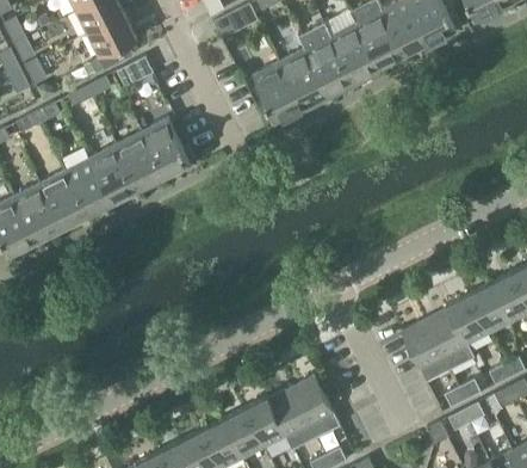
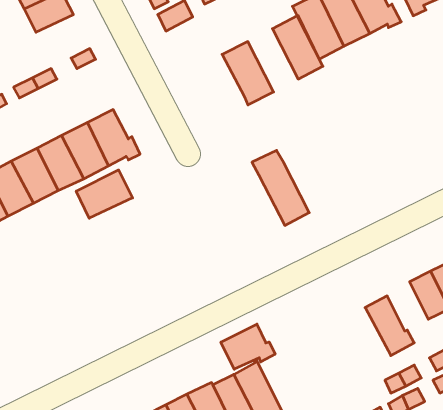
building: [89,21,136,69] -> none
building: [298,24,356,100] -> [252,150,309,225]
building: [253,62,302,124] -> none
building: none -> [76,170,133,218]
building: [446,294,489,344] -> none
building: [399,320,451,381] -> none
building: none -> [221,324,275,369]

